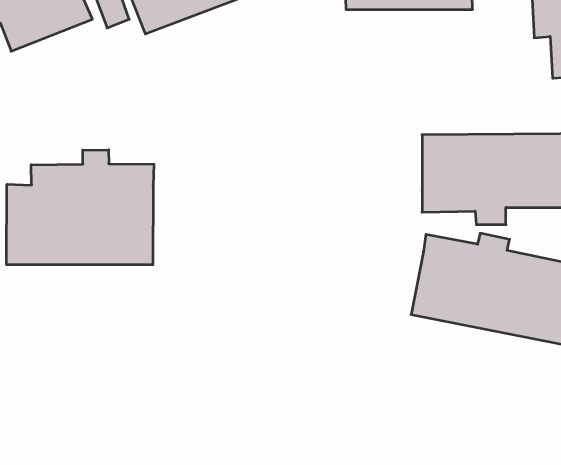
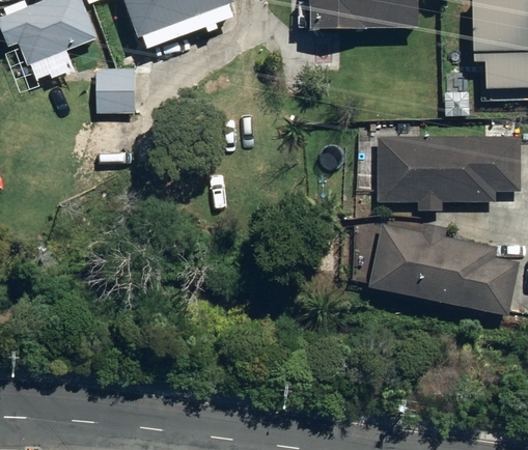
building: none -> [99,66,139,112]
building: [7,150,154,265] -> none

